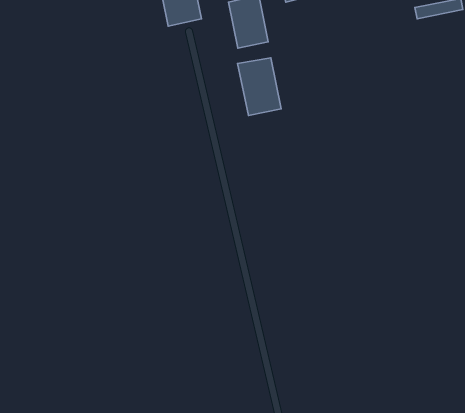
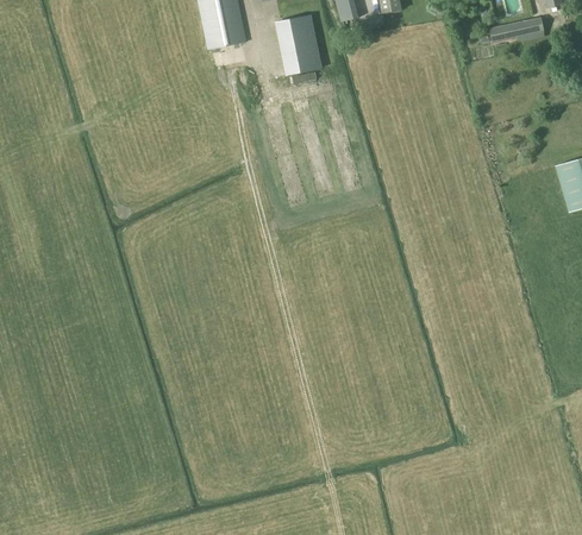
building: [237,58,281,115] -> none

